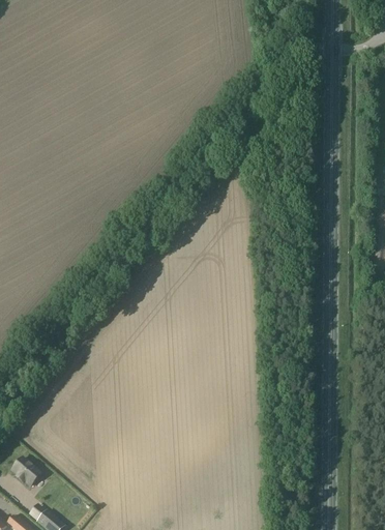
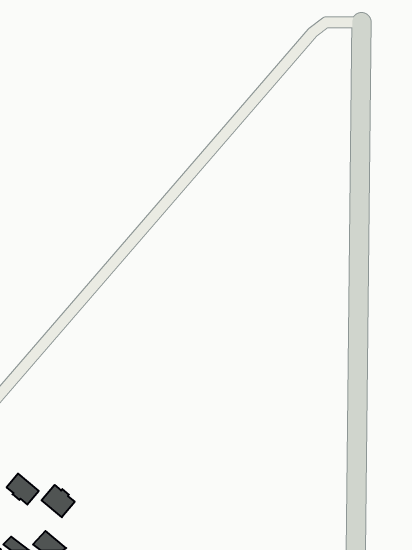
building: none -> [42,485,75,517]

